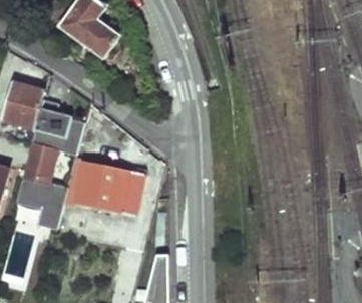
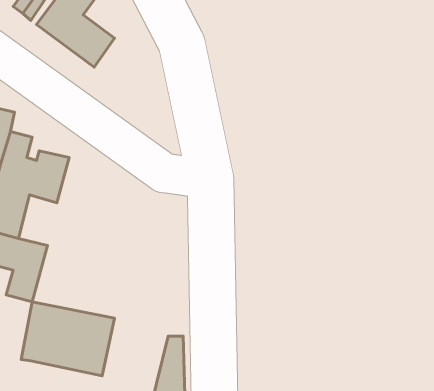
building: [75,160,143,214] -> [21,302,115,376]

